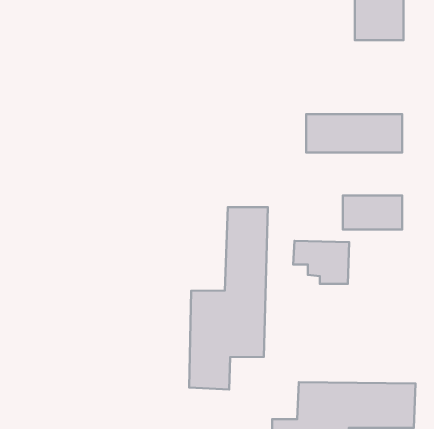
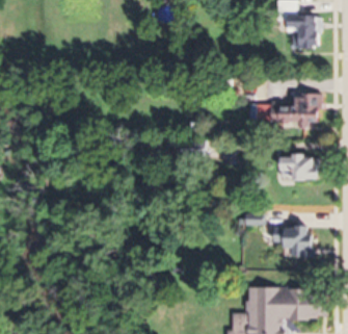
building: [189,207,268,389] -> none
building: [293,241,349,284] -> [275,227,315,257]

